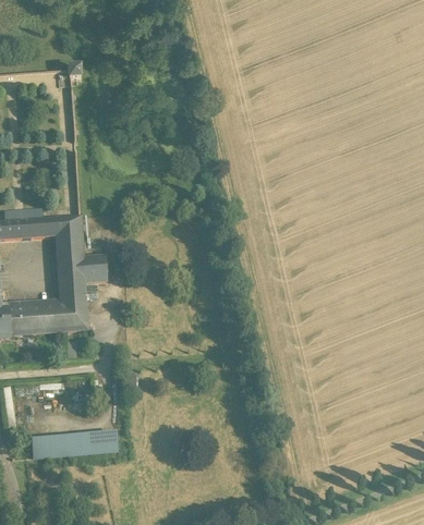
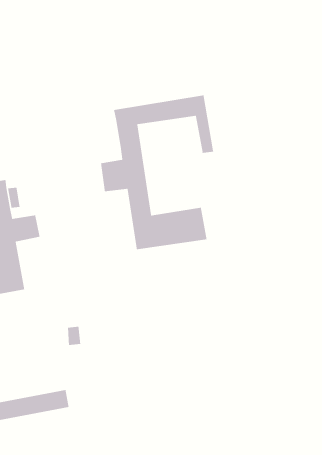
building: none -> [100,94,214,250]

